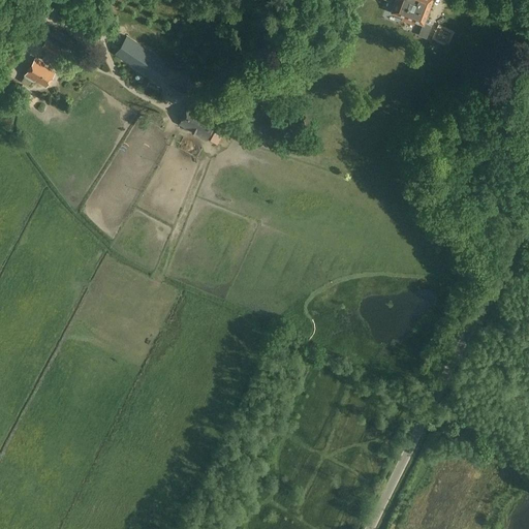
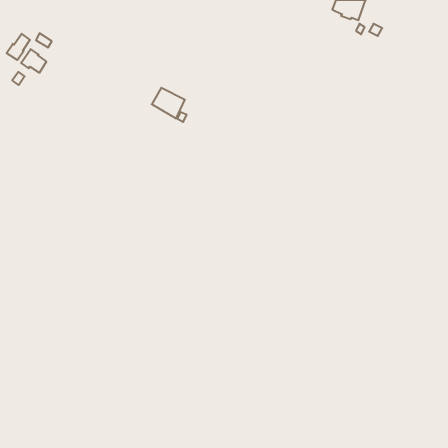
building: [115,39,169,85] -> none
building: none -> [7,34,30,60]

